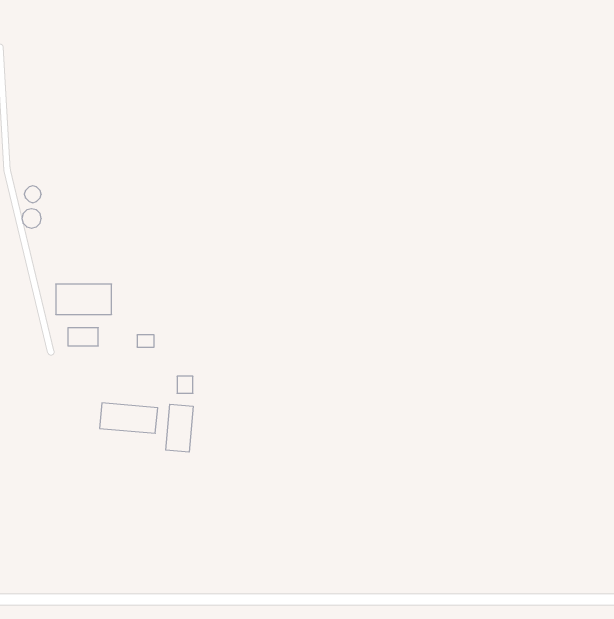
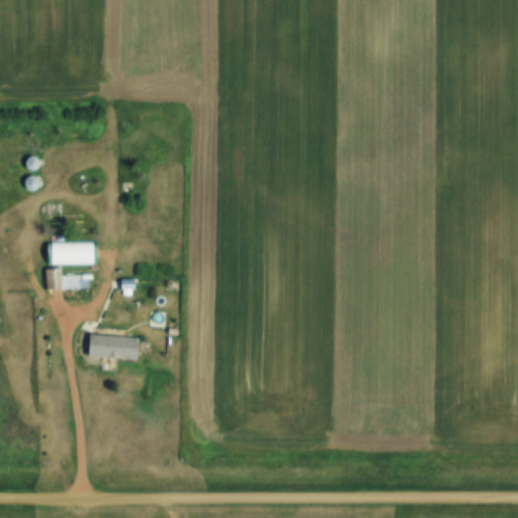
building: [166,404,193,452] -> none

